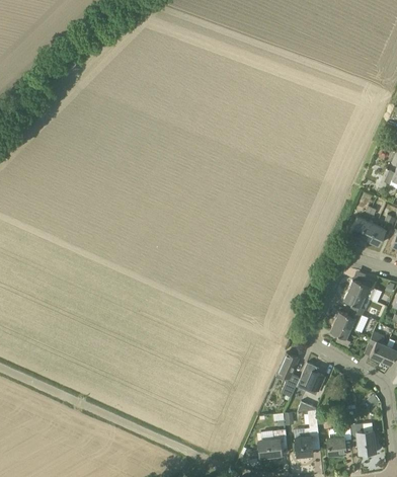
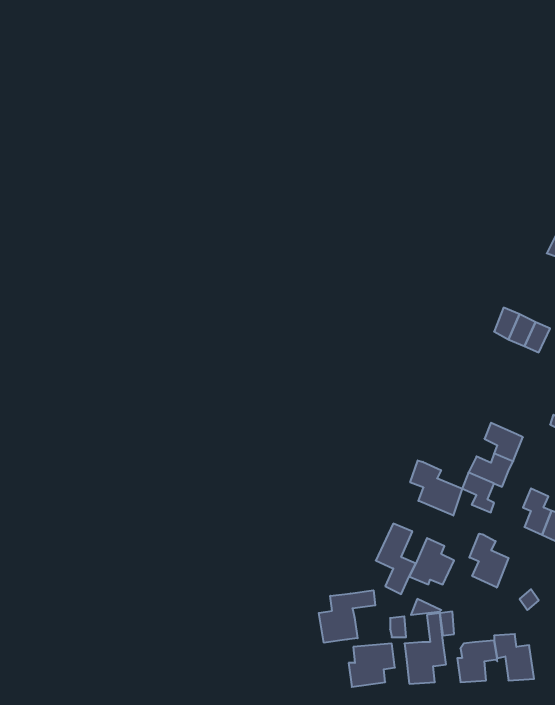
building: [348,279,377,301] -> none
building: none -> [410,460,462,516]
building: none -> [469,534,509,588]
building: none -> [319,590,375,643]

